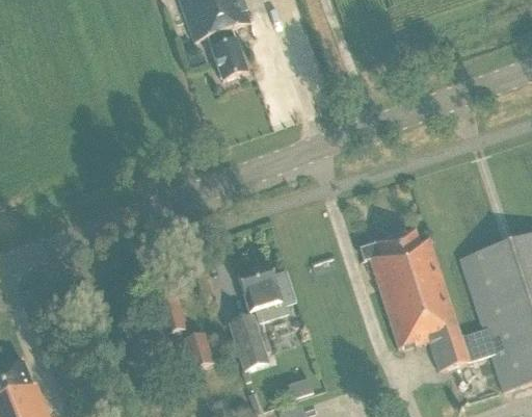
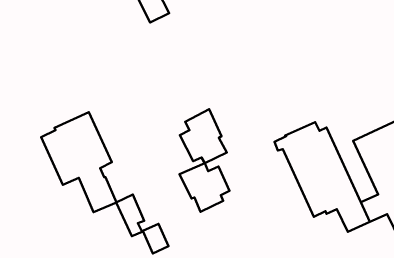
building: none -> [41,112,116,212]
building: none -> [180,109,227,163]
building: [229,314,268,370] -> none

